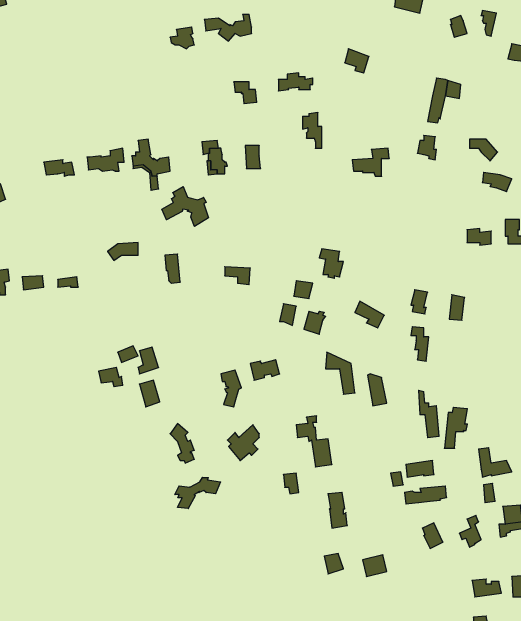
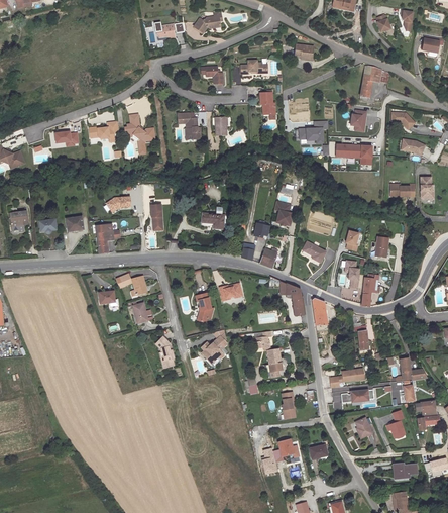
building: none -> [336,144,372,164]
building: [162,187,209,226] -> none
building: none -> [96,223,120,253]
building: [444,407,467,448] -> [362,274,380,306]
building: [175,477,221,509] -> none

